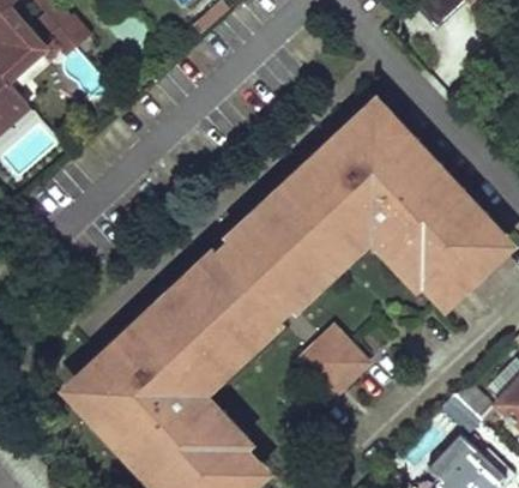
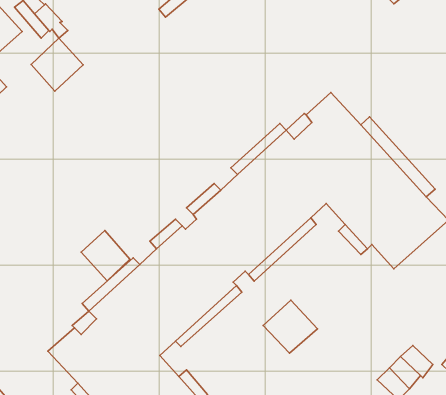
building: none -> [31,38,83,91]
building: none -> [81,231,130,281]

